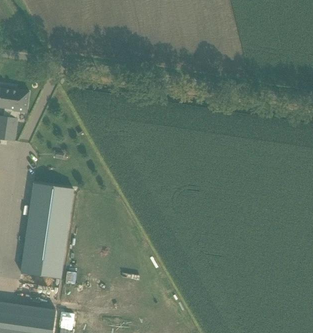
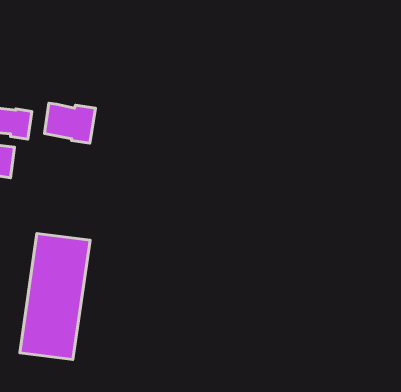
building: none -> [45,103,96,143]

